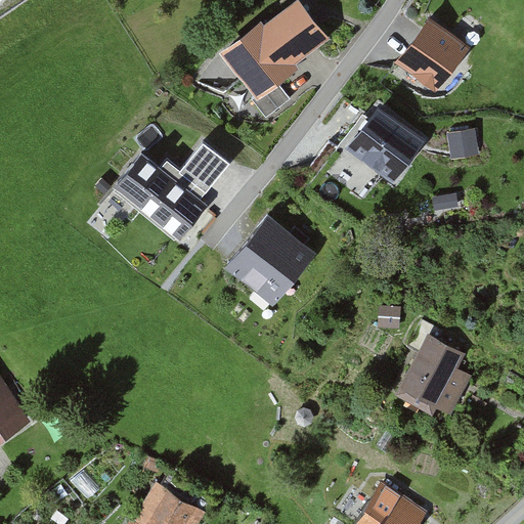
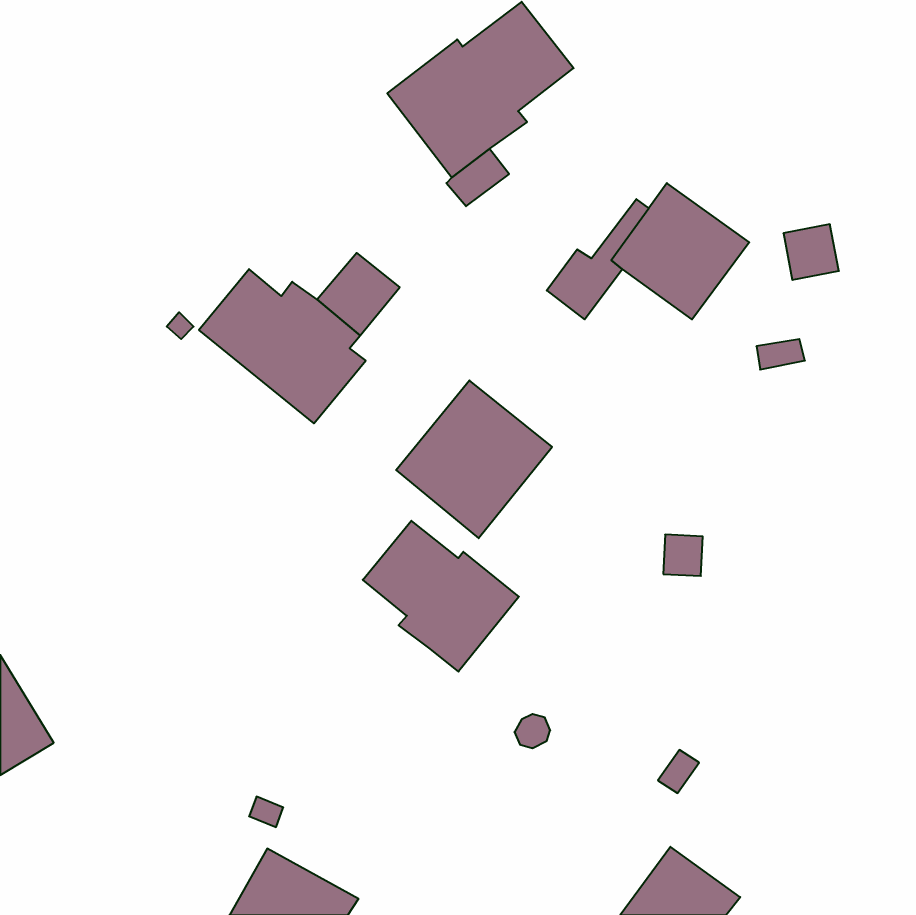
building: [396,18,470,92] -> none
building: none -> [363,521,519,672]
building: [395,318,473,417] -> none

